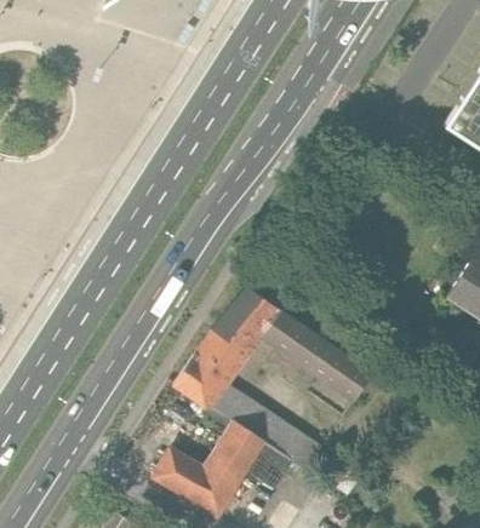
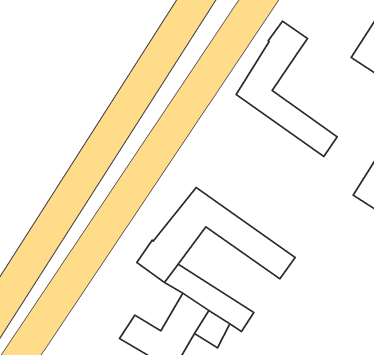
building: none -> [236,21,337,156]

